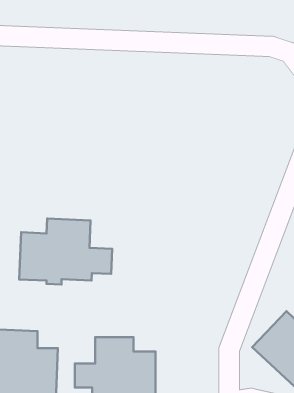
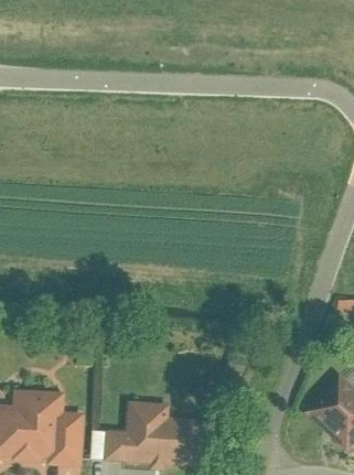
building: [19,219,112,284] -> none

